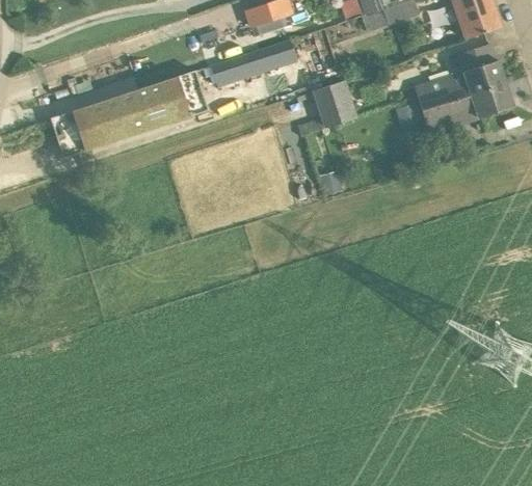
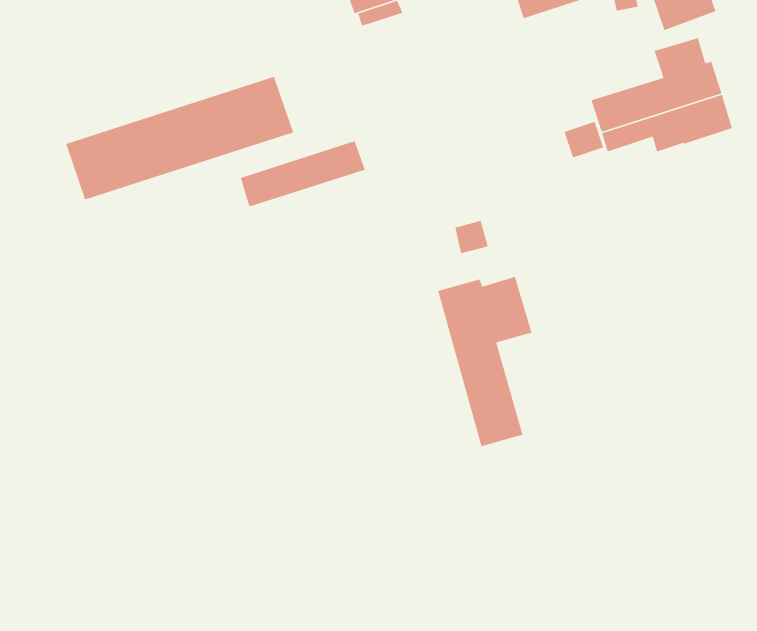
building: [211,39,298,86] -> [240,140,366,207]
building: [316,79,357,128] -> none
building: none -> [437,276,533,447]

